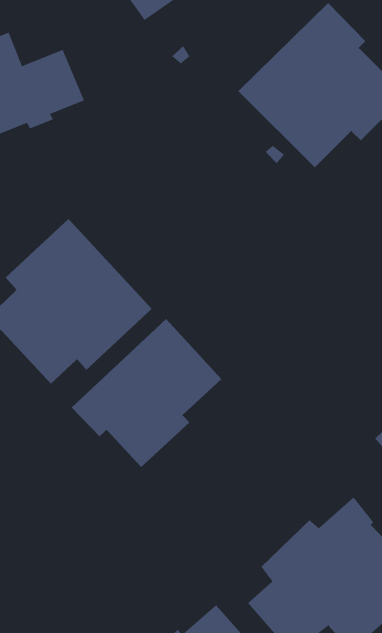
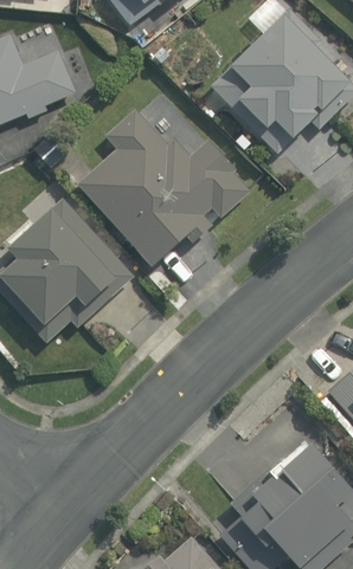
building: none -> [77,109,251,267]
building: [71,318,222,468] -> none

